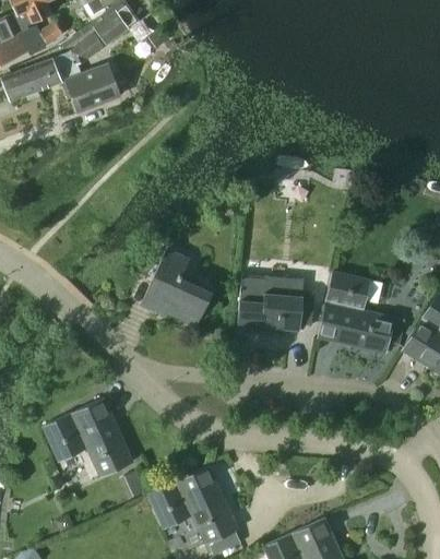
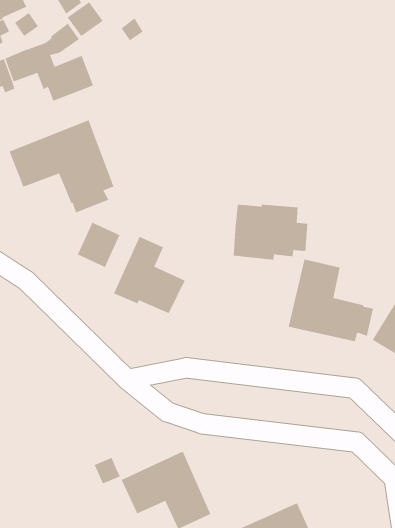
building: none -> [9,119,114,213]
building: none -> [77,222,120,268]
building: [238,278,314,335] -> [233,204,308,260]
building: [43,399,134,478] -> none

